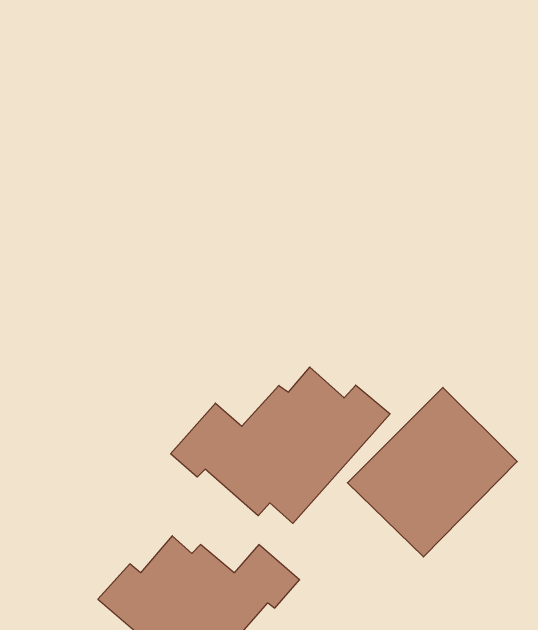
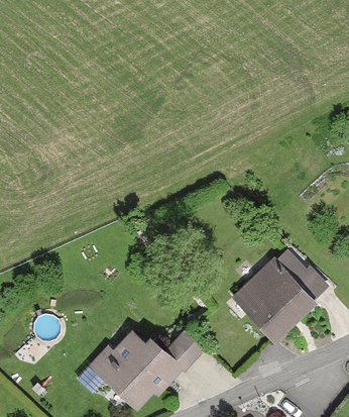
building: [171,367,390,523] -> none

